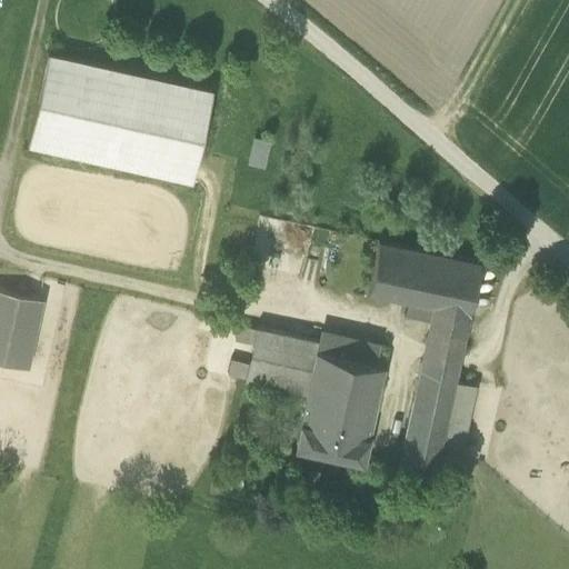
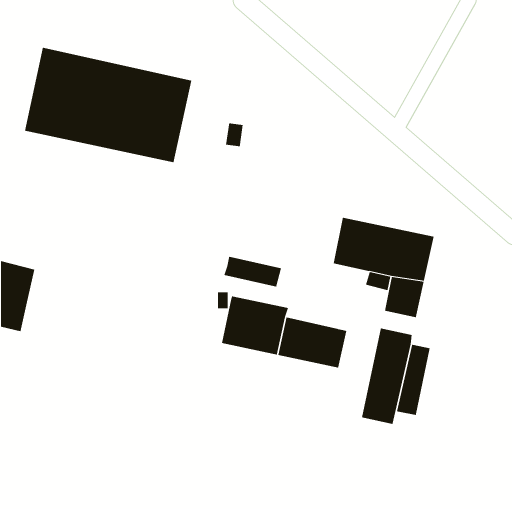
building: [318,335,382,369] -> [223,256,282,287]
building: [422,349,462,376] -> none
building: [298,398,377,467] -> none

